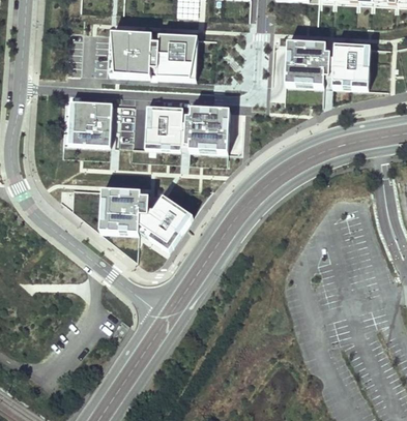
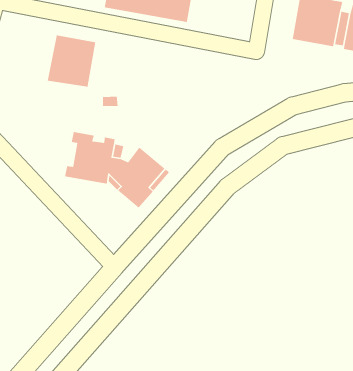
building: [145,107,231,154] -> none

